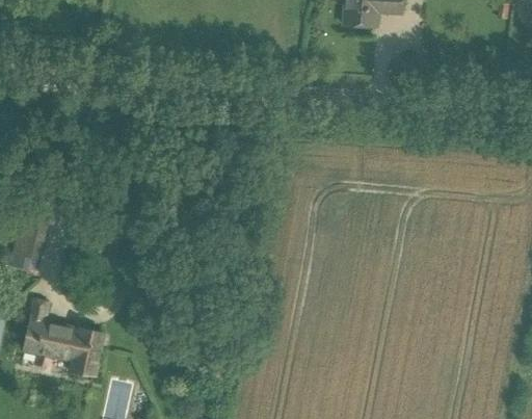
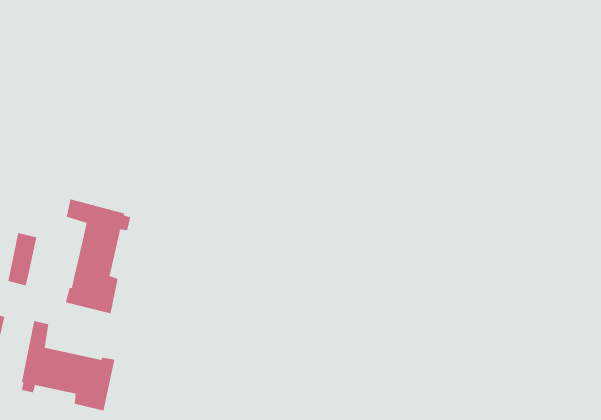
building: none -> [65,199,131,314]

